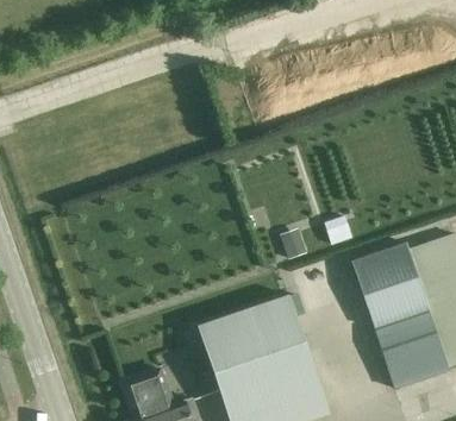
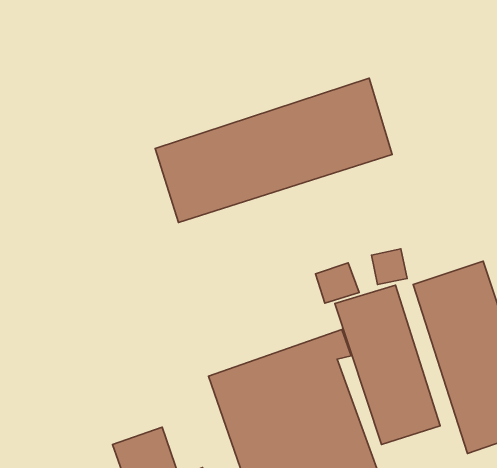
building: none -> [155,78,392,222]
building: none -> [335,285,440,444]

